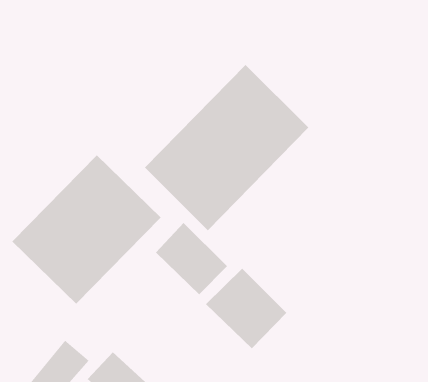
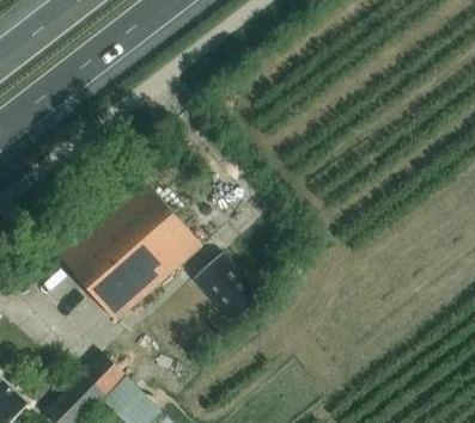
building: [144,64,309,231] -> none
building: [205,268,287,349] -> none

